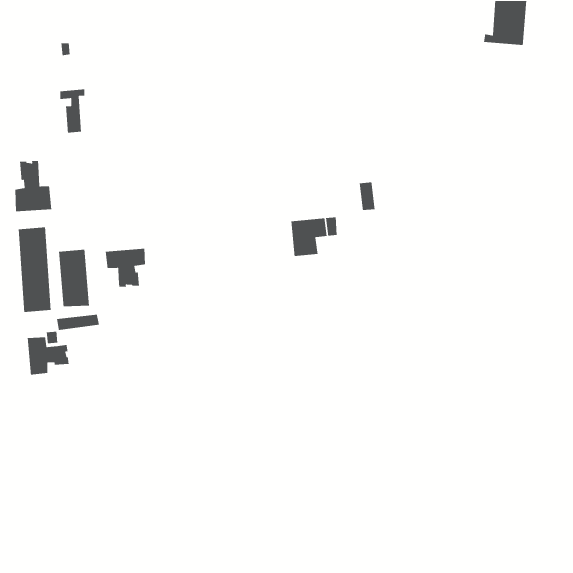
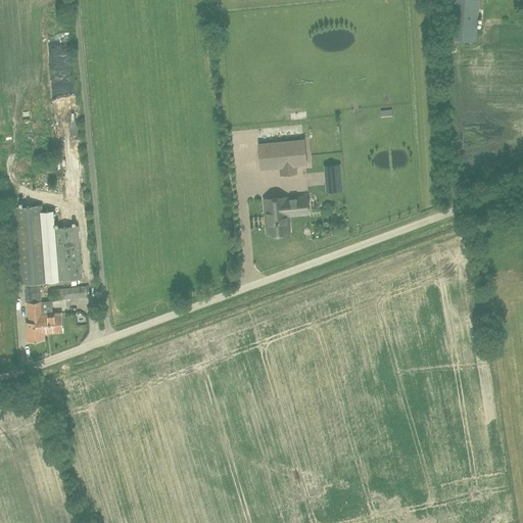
building: none -> [258,140,306,170]
building: [14,160,52,212] -> none
building: [105,248,146,287] -> none

